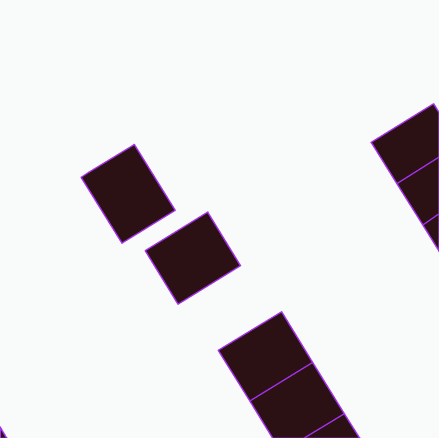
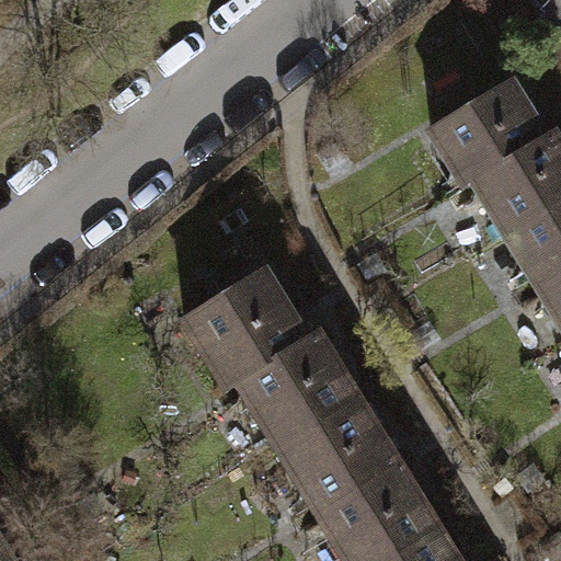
building: none -> [432,81,546,186]
building: [81,144,175,243] -> none
building: none -> [238,332,359,447]

